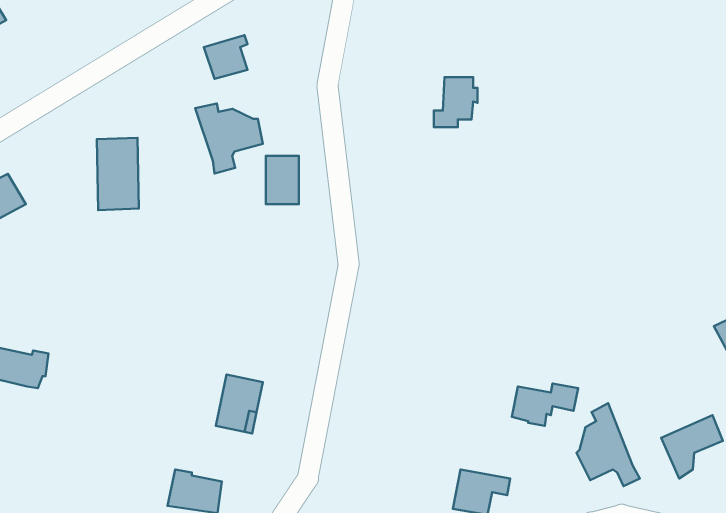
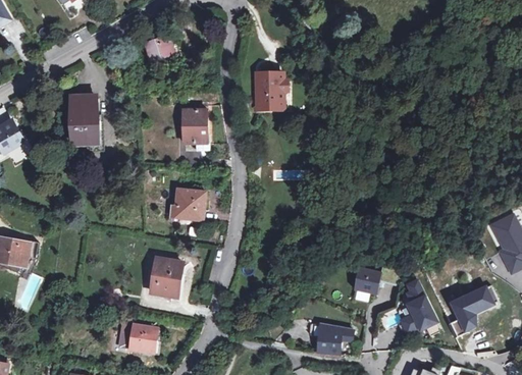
building: [434,77,478,127] -> [257,73,286,107]
building: [195,104,263,174] -> none
building: none -> [175,190,207,220]

